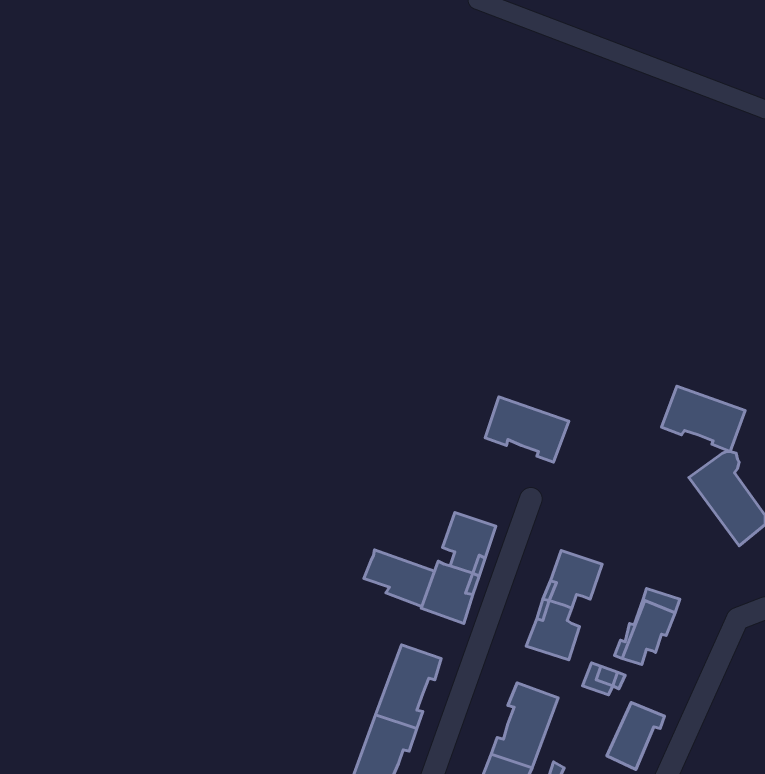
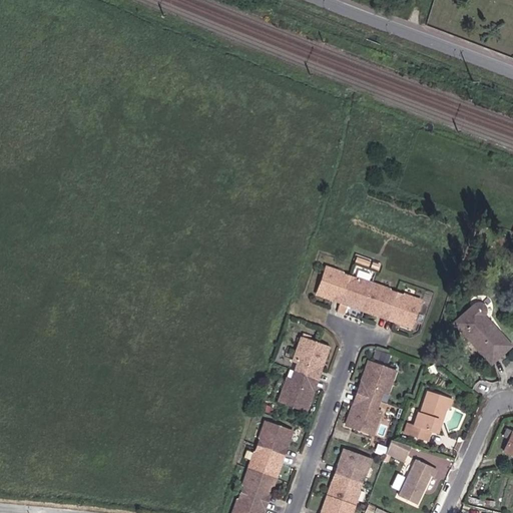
building: [662,386,745,452] -> [365,280,420,323]
building: [364,550,434,606] -> none

